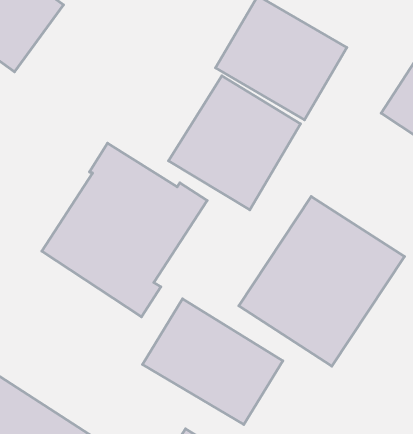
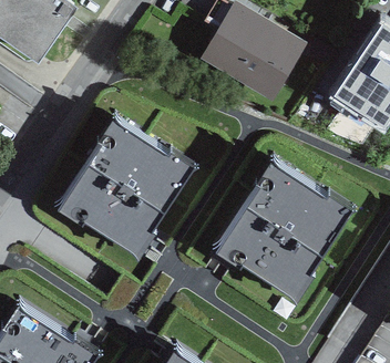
building: [169,76,301,210] -> none
building: [143,299,283,425] -> none

